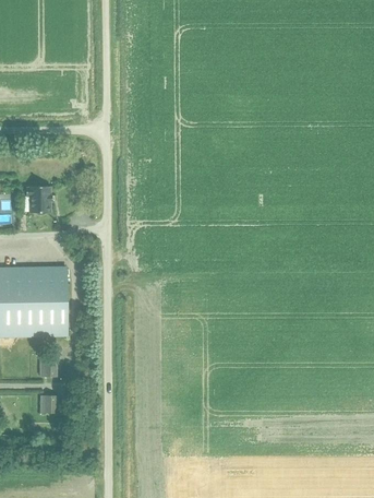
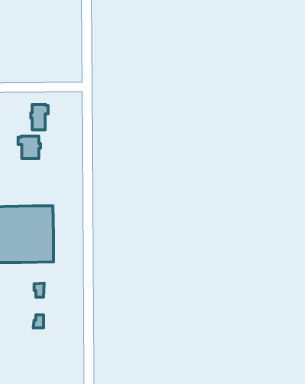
building: none -> [31,105,48,130]

